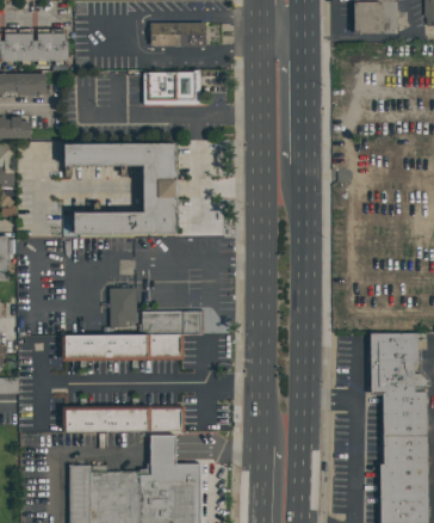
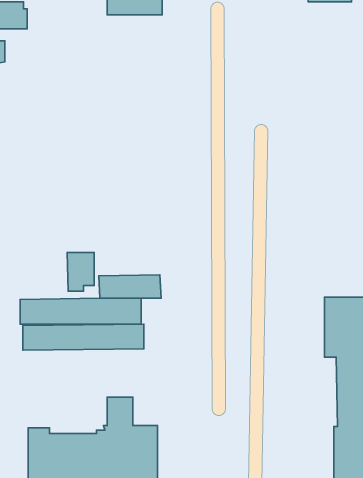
building: [143,70,200,105] -> none
building: [63,142,178,235] -> none
building: [62,406,185,432] -> [23,324,144,350]

